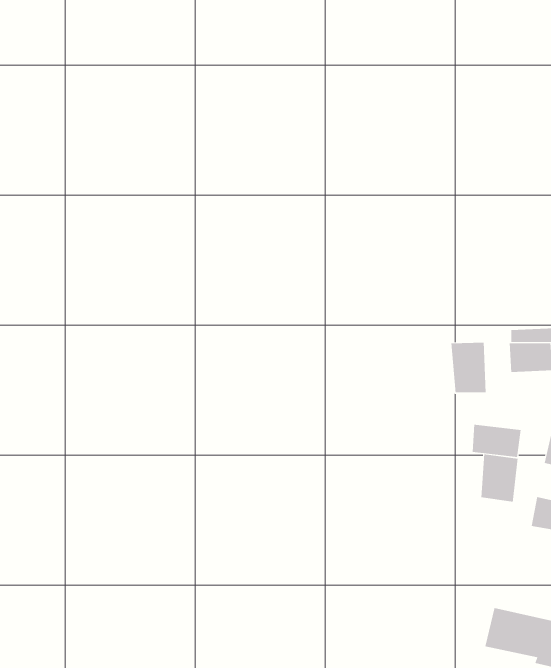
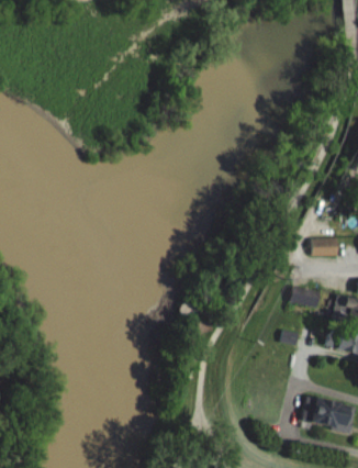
building: [451,342,486,393] -> none
building: [481,454,518,502] -> none

